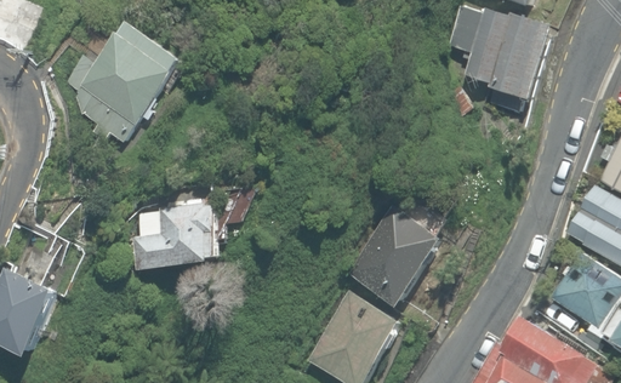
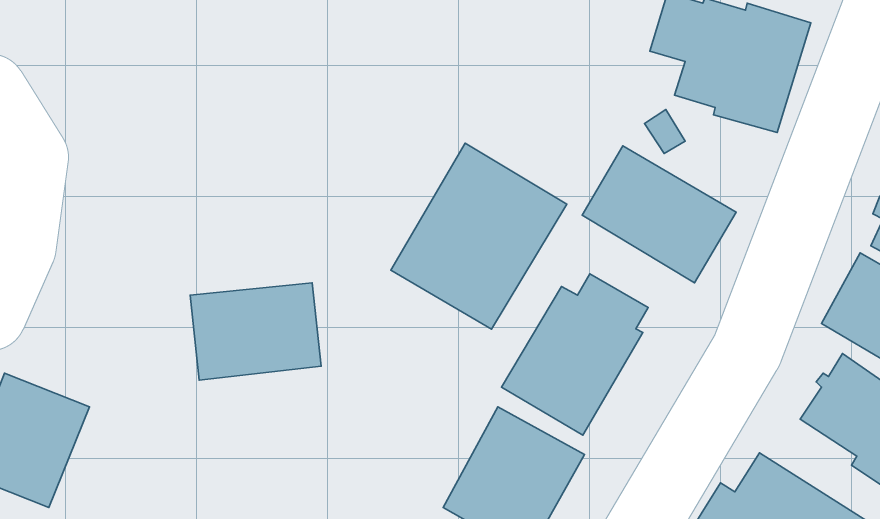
building: [63,18,181,141] -> none
building: none -> [391,143,567,329]
building: none -> [582,146,736,283]

